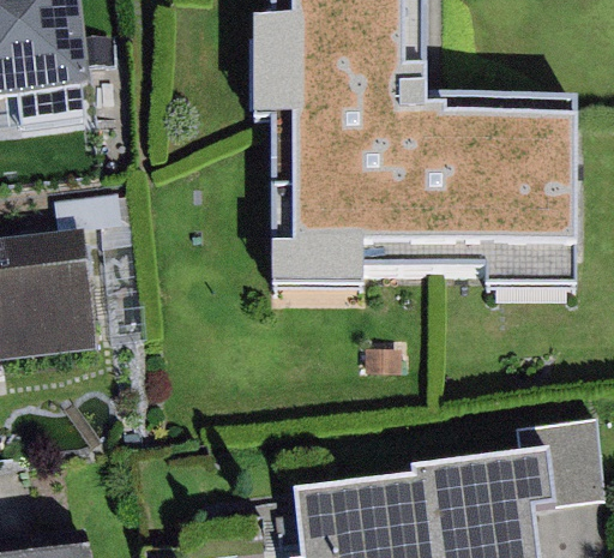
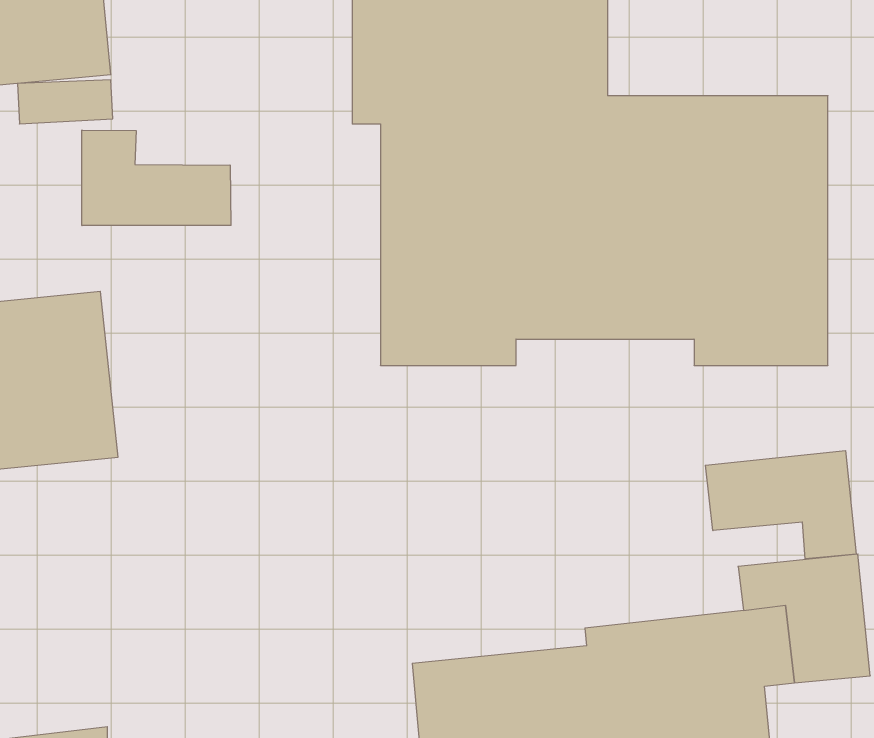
building: none -> [82,130,231,226]
building: none -> [705,451,856,559]

